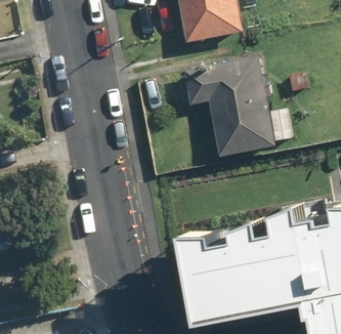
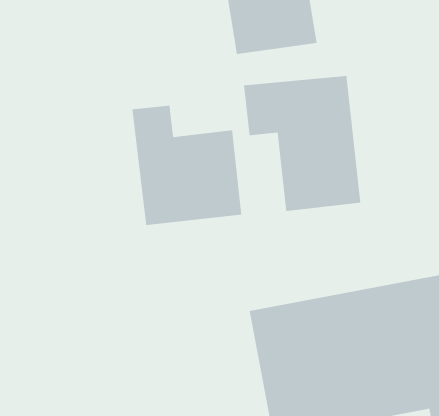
building: none -> [132,105,242,226]

